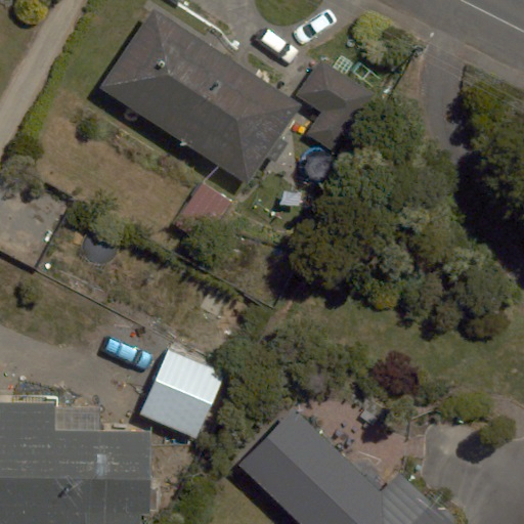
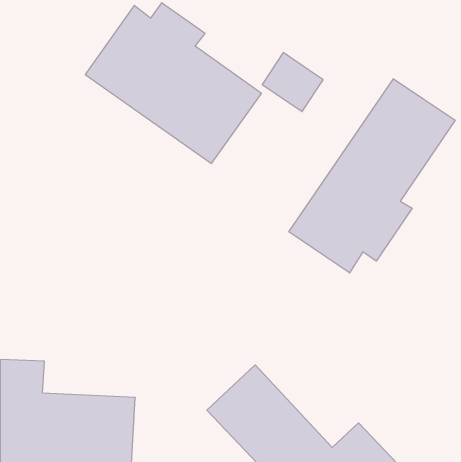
building: none -> [289,79,455,273]
building: [135,348,225,439] -> none

